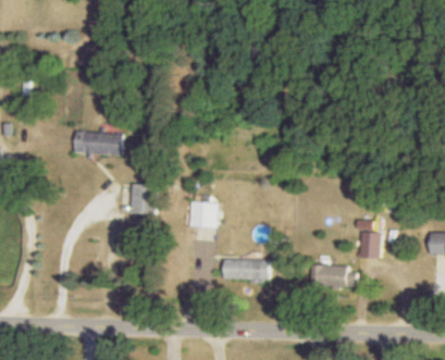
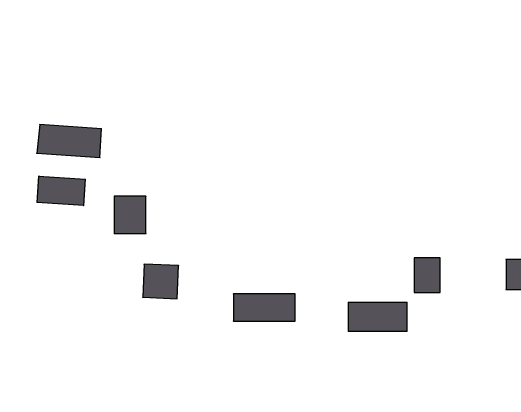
building: none -> [37,176,85,206]
building: [188,201,215,227] -> [143,264,179,299]

